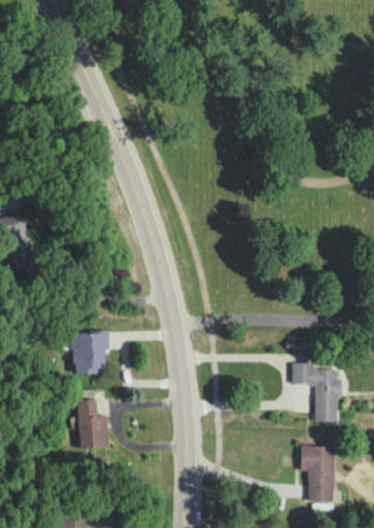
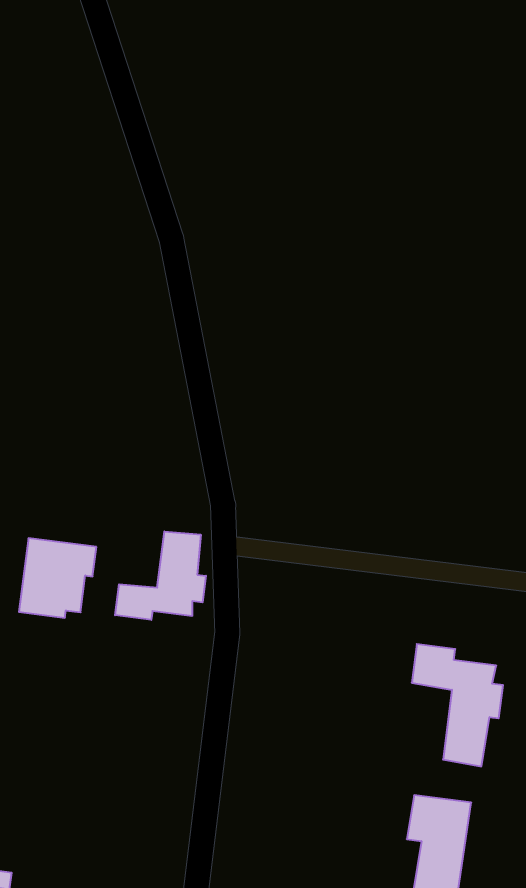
building: none -> [115,531,206,620]
building: [77,400,109,449] -> none

